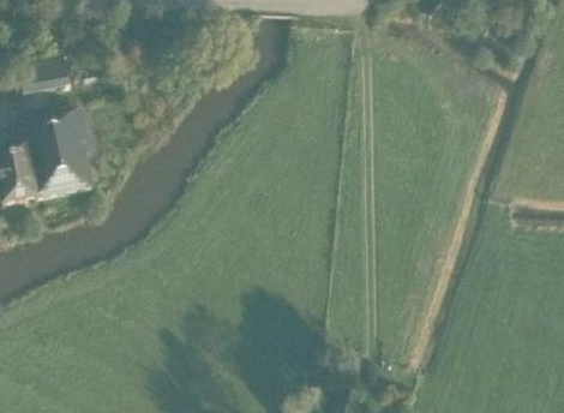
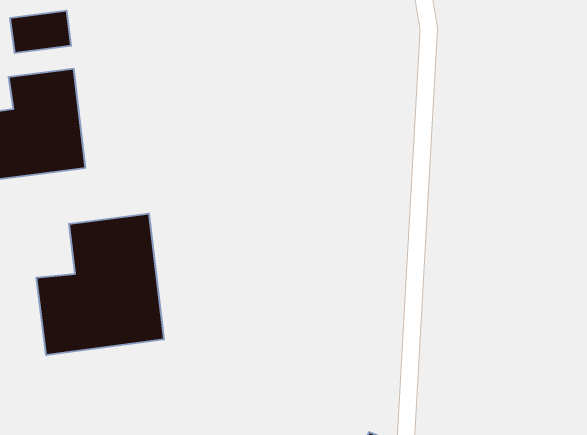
building: none -> [37,213,164,355]

